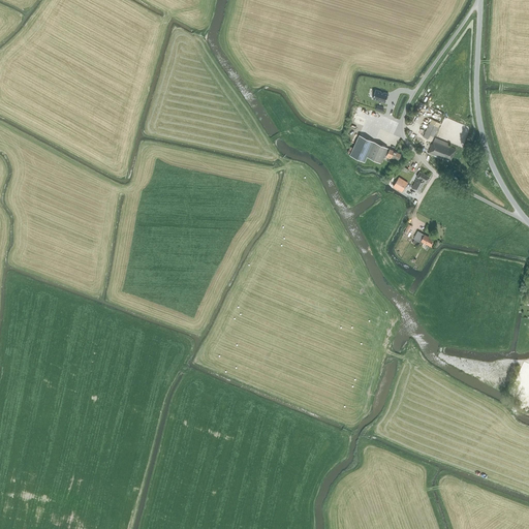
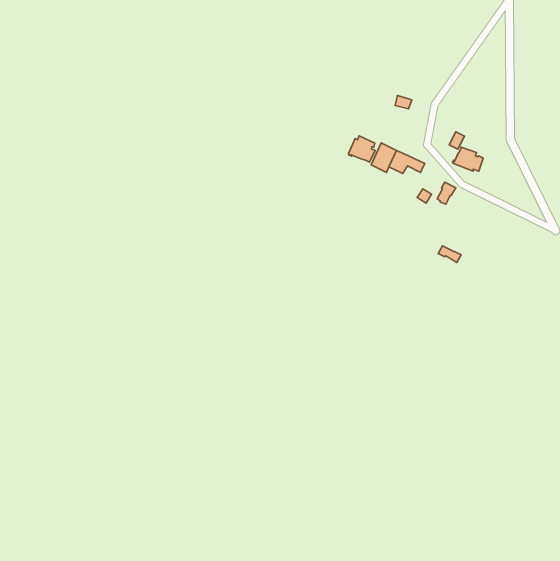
building: none -> [348,136,375,162]

